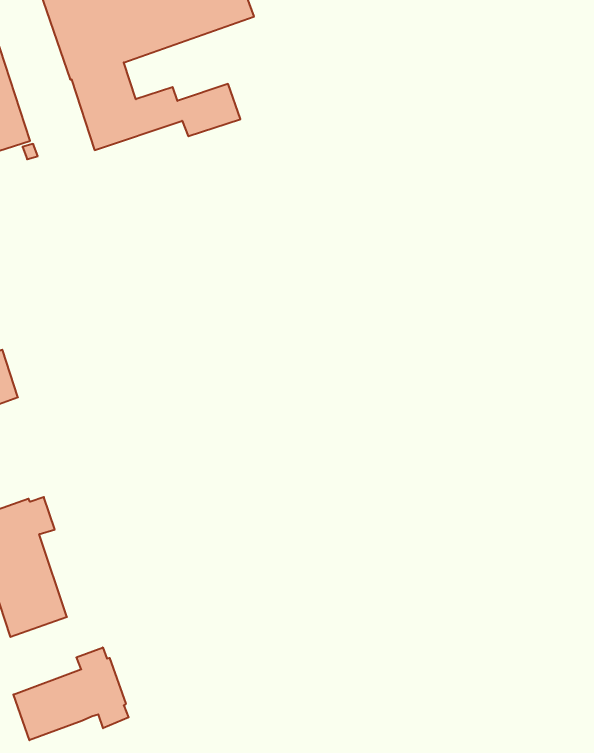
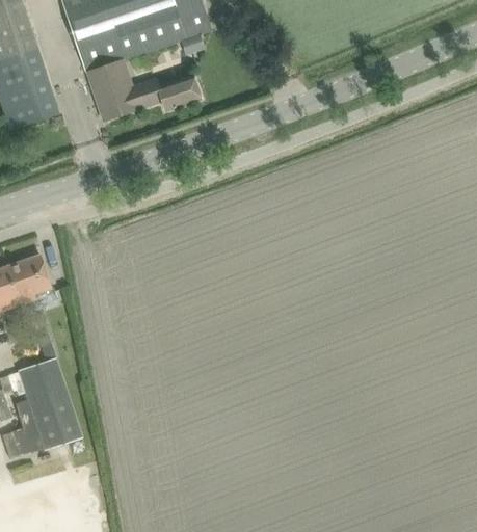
building: [13,647,129,740] -> none

